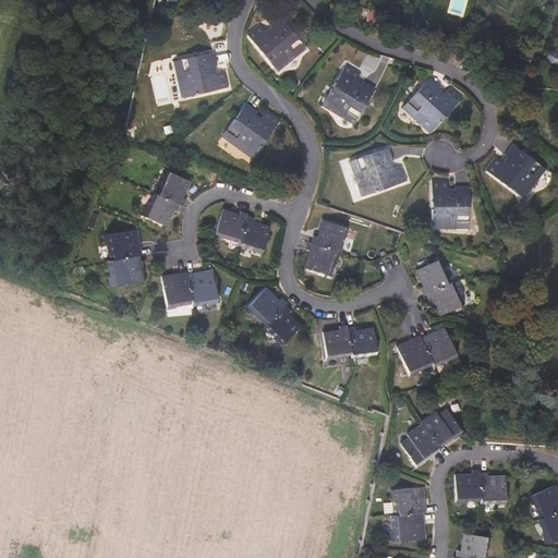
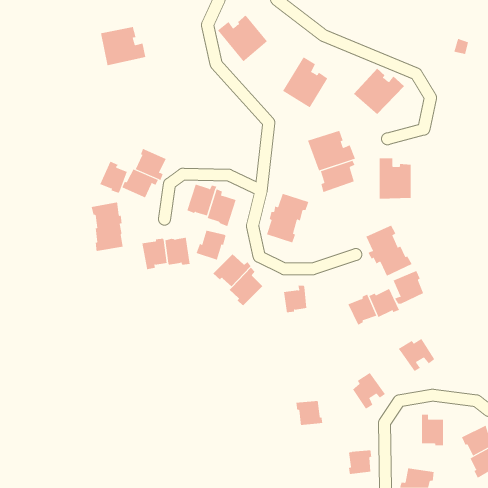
building: [175,52,228,97] -> [100,27,146,66]
building: [223,104,280,156] -> none
building: [486,144,546,198] -> none
building: none -> [320,160,355,193]
building: none -> [100,161,128,194]
building: none -> [196,230,226,261]
building: none -> [393,270,424,305]
building: [349,326,377,353] -> none
building: [421,409,463,447] -> [398,338,435,372]
building: [456,470,481,506] -> none
building: [396,486,427,514] -> [296,401,323,426]

